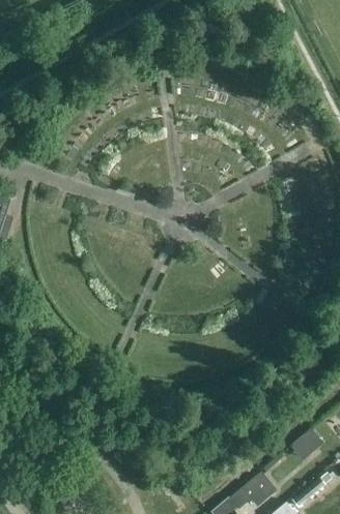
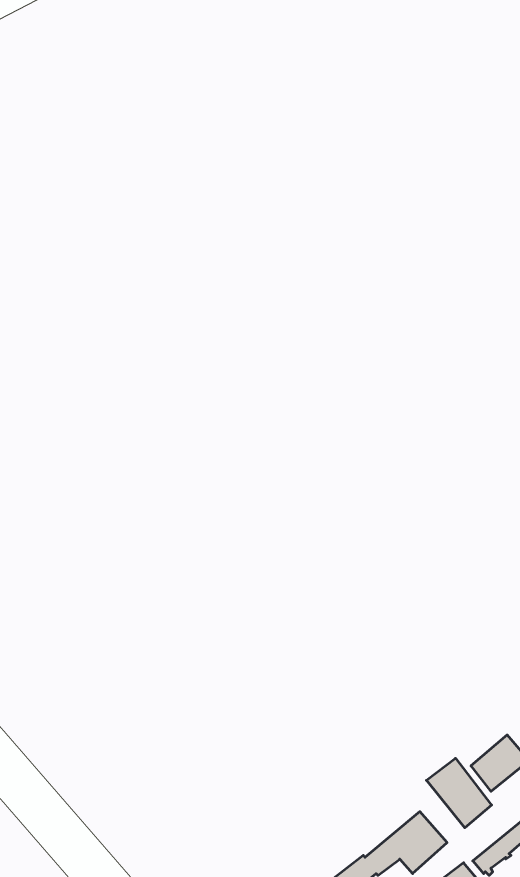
building: none -> [426,758,492,828]

